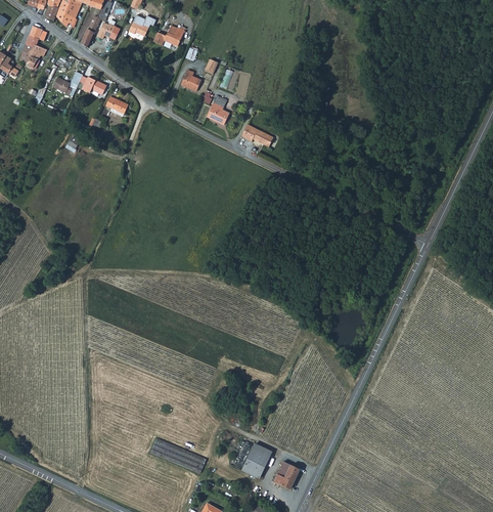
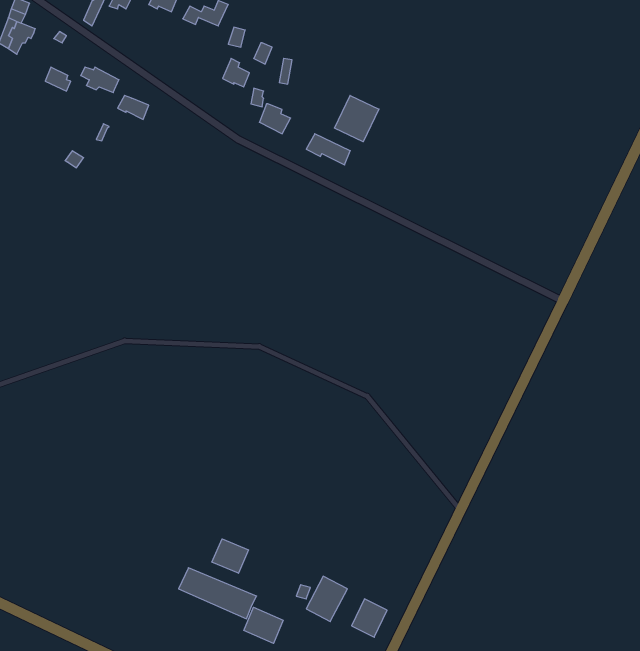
building: none -> [334,95,379,142]
building: none -> [212,539,249,573]
building: none -> [244,607,283,643]

